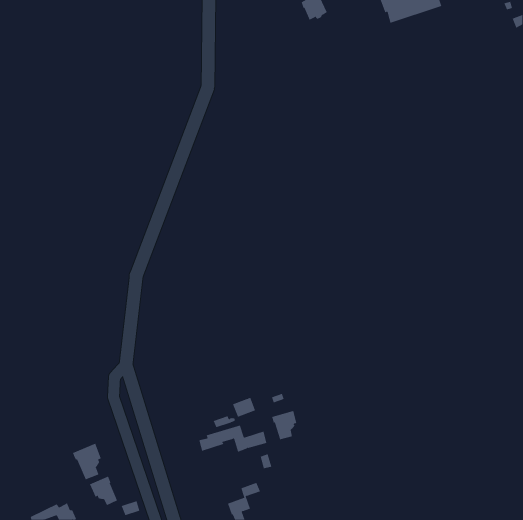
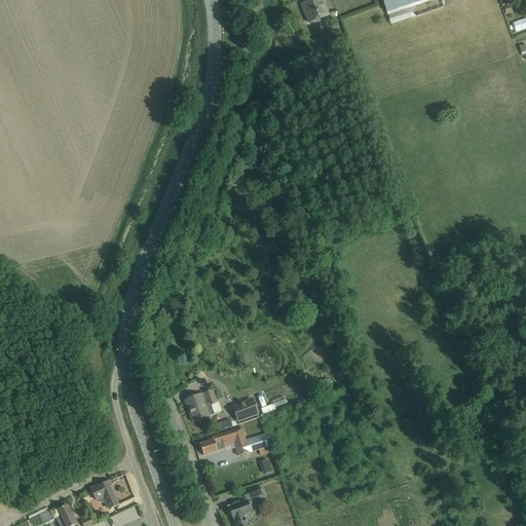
building: none -> [185,389,221,419]
building: [272,410,297,440] -> none
building: [72,443,102,480] -> none

